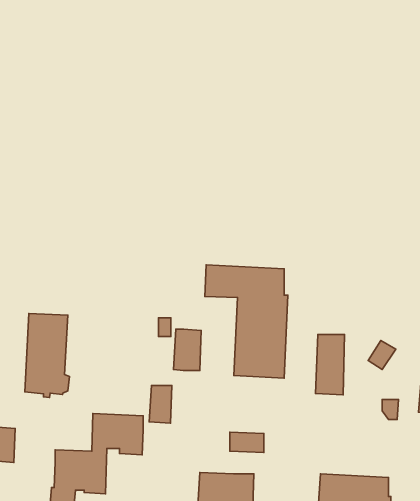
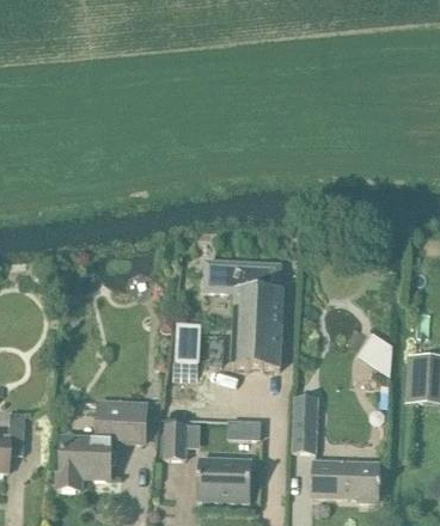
building: [25,314,69,397] -> none
building: [315,335,344,395] -> [292,396,319,453]
building: [149,385,172,423] -> [165,423,187,459]

